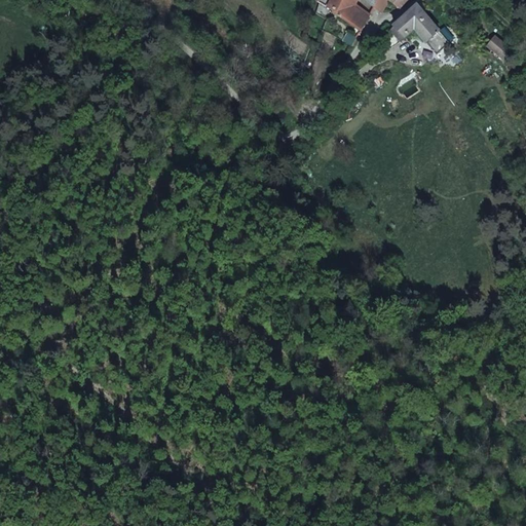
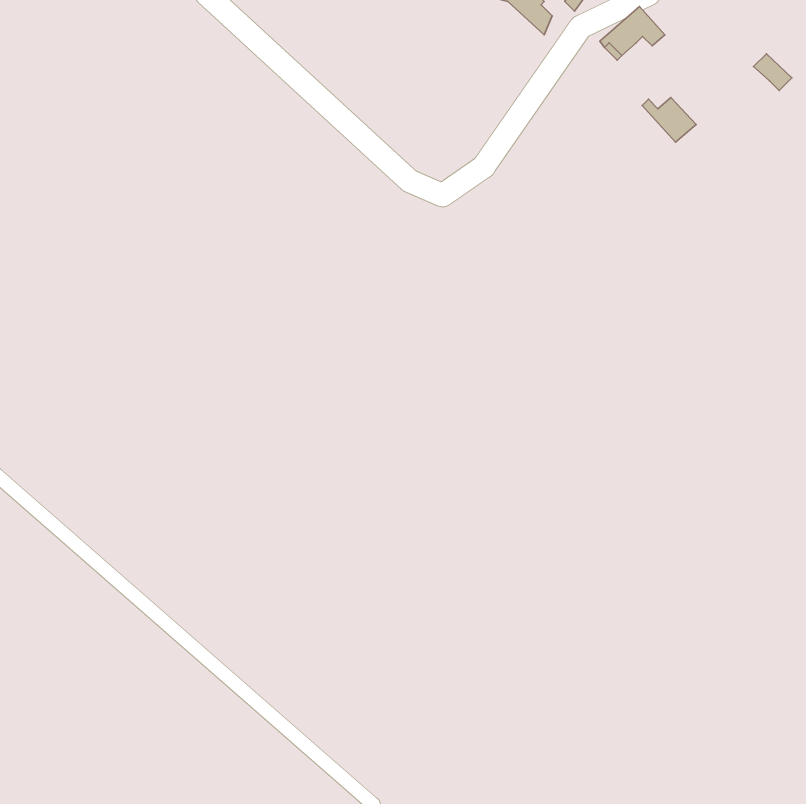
building: [412,23,447,51] -> [642,98,696,142]

